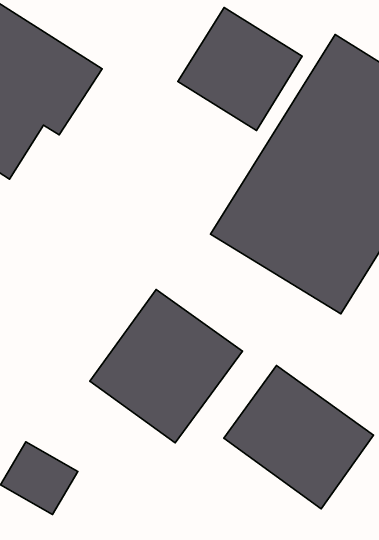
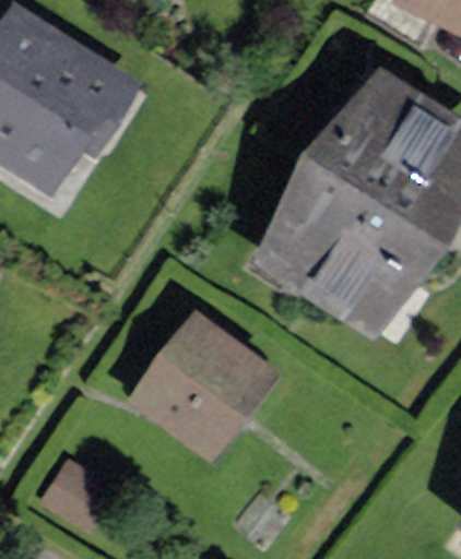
building: [178,8,302,131] -> none
building: [224,365,373,509] -> none

